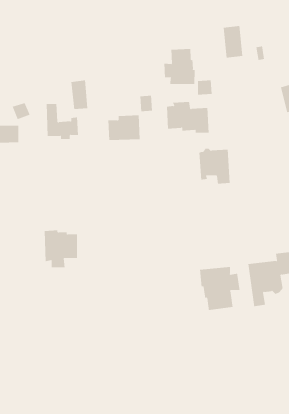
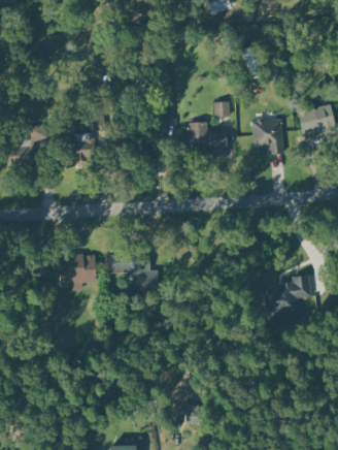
building: [164,48,195,85] -> none
building: [199,148,230,184] -> [252,118,284,154]
building: none -> [107,250,158,282]
building: [200,266,240,311] -> none

